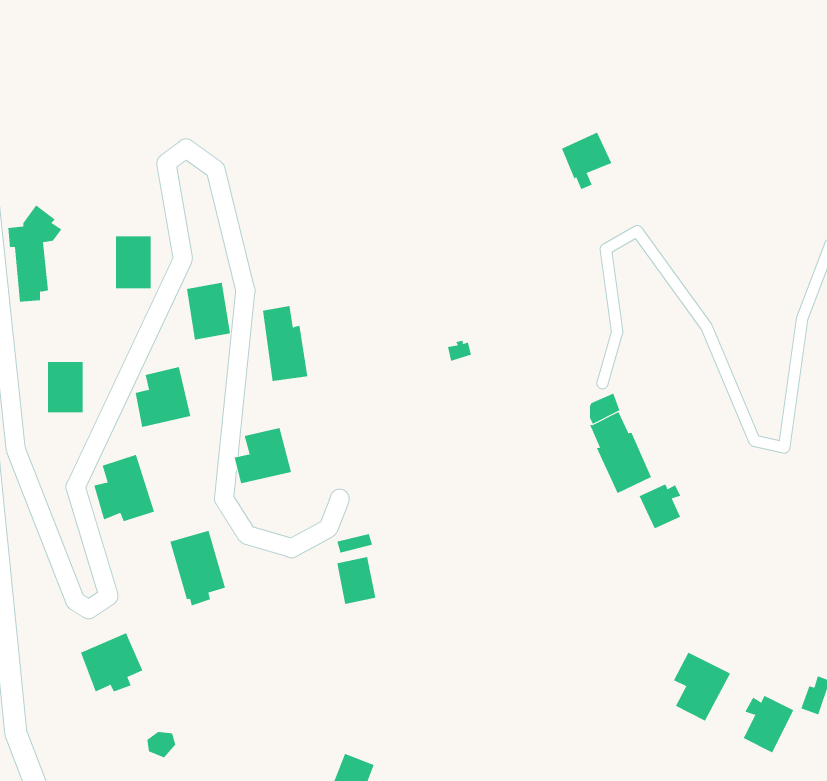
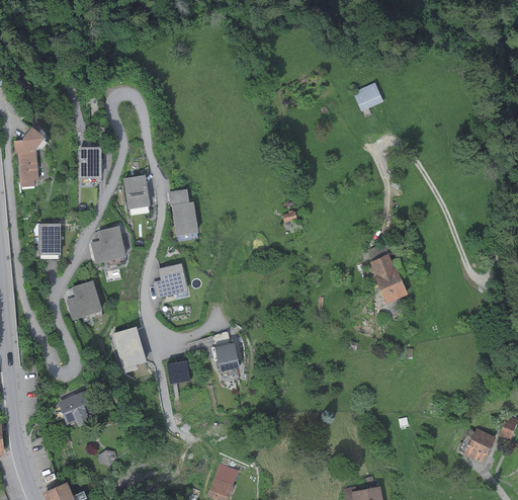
building: [639,483,681,529] -> none
building: none -> [166,361,189,386]
building: [673,652,731,721] -> none

